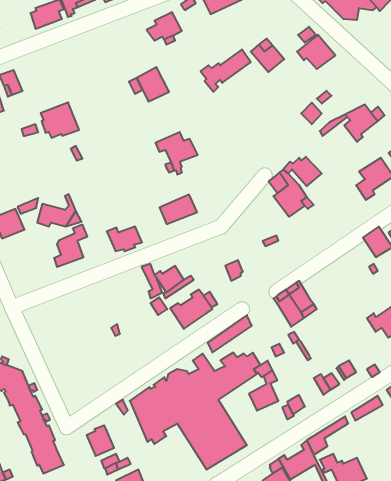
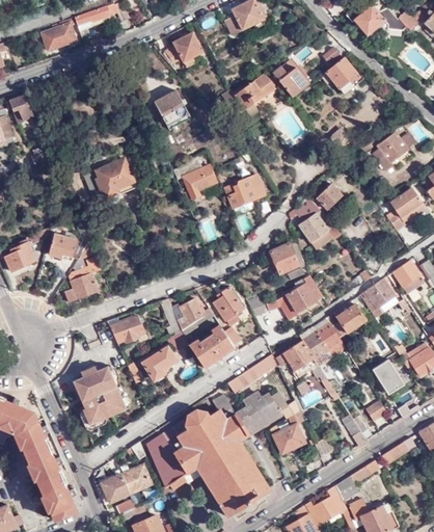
building: [41,102,79,138] -> [94,159,135,196]
building: [160,195,197,224] -> [225,177,265,208]
building: none -> [272,238,303,273]
building: [107,227,142,251] -> [107,316,144,342]
building: none -> [284,274,321,314]
building: none -> [359,277,394,317]
building: none -> [214,286,243,324]
building: none -> [325,298,365,337]
building: none -> [275,339,316,376]
building: none -> [142,347,174,379]
building: none -> [370,360,411,397]
building: none -> [72,370,124,427]
building: none -> [121,464,152,493]

